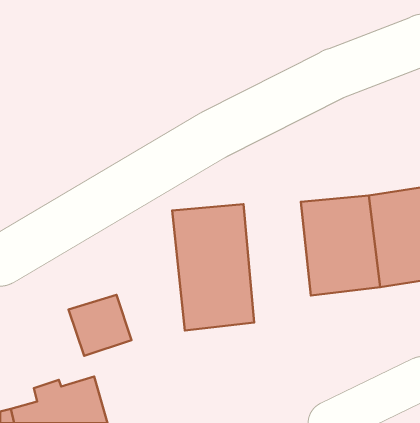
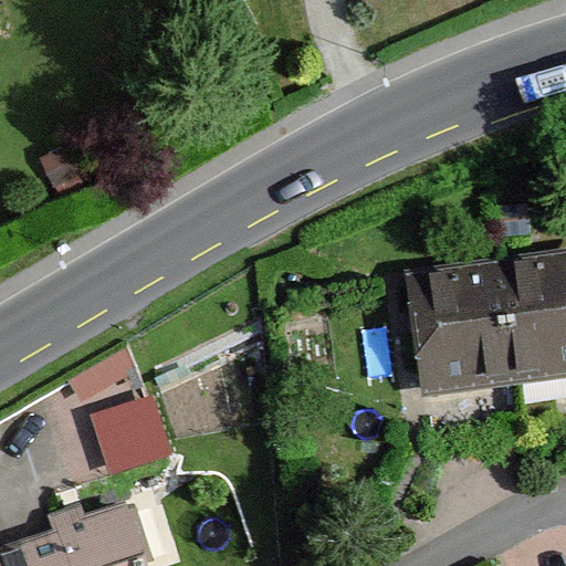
building: [172,204,254,331] -> none

